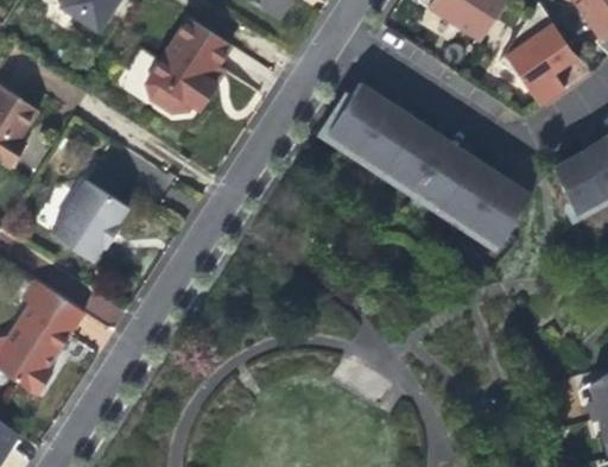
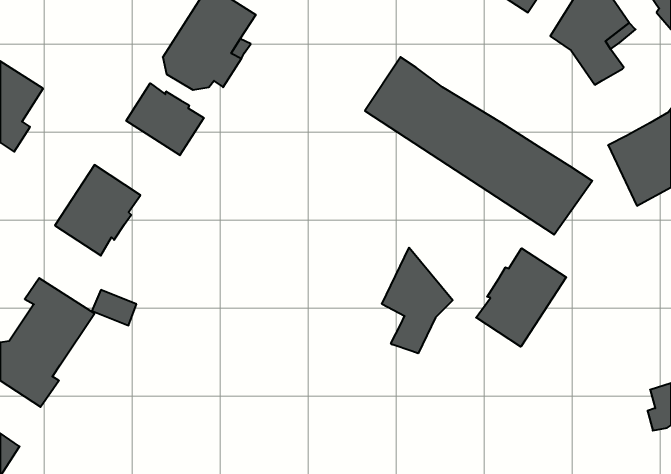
building: none -> [126,83,204,155]
building: none -> [382,248,453,353]
building: none -> [476,248,566,347]

